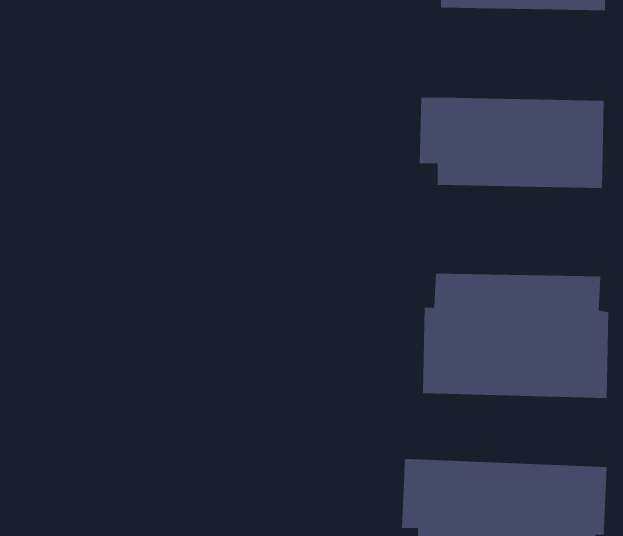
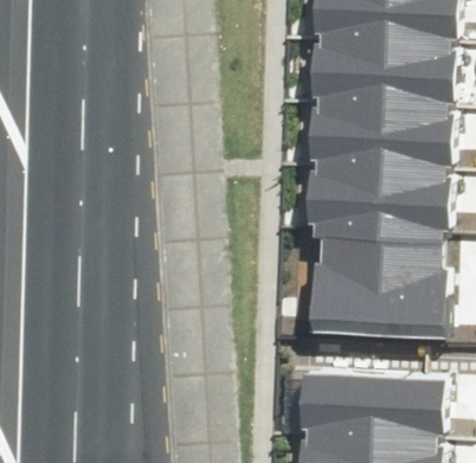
building: none -> [317,45,449,112]
building: none -> [311,174,446,240]

